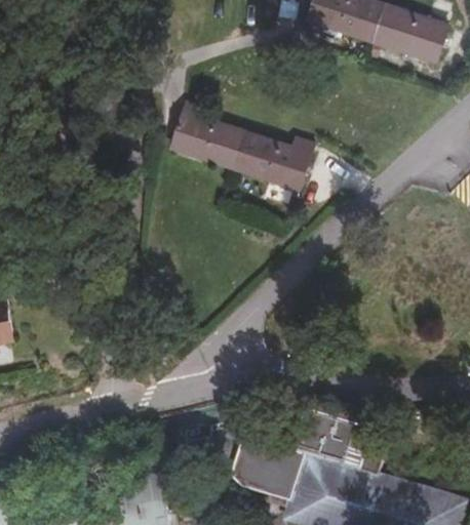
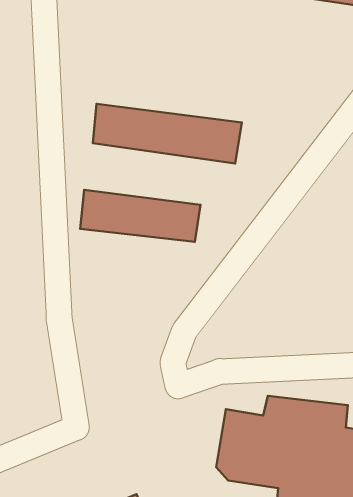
building: none -> [80,190,201,242]

